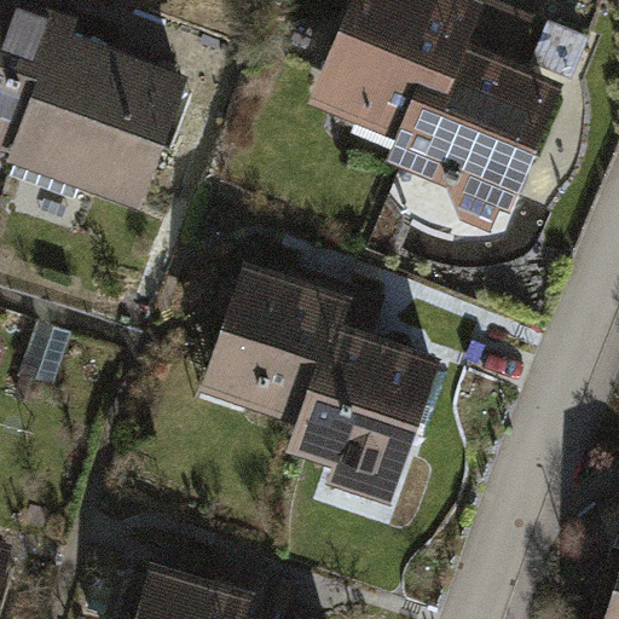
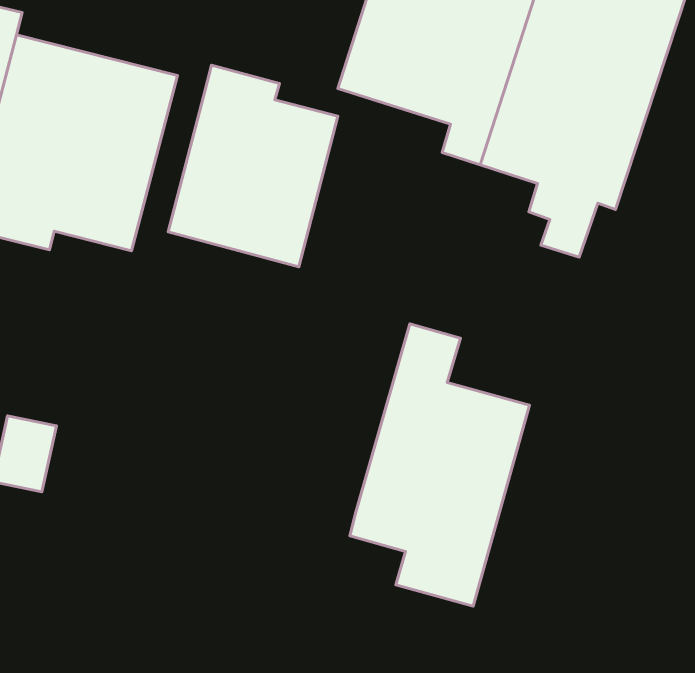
building: none -> [168,65,338,267]
building: [198,260,351,429] -> none

